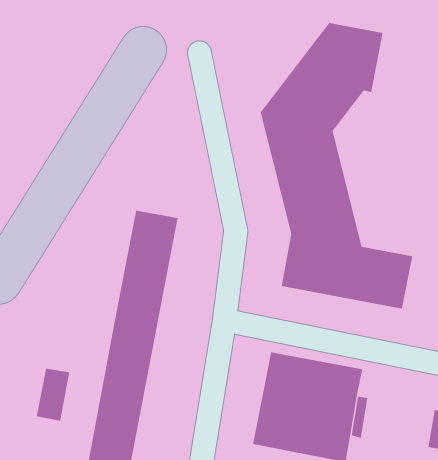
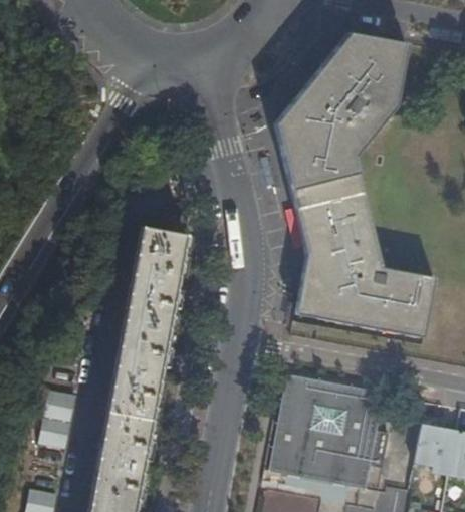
building: none -> [416,427,458,477]

